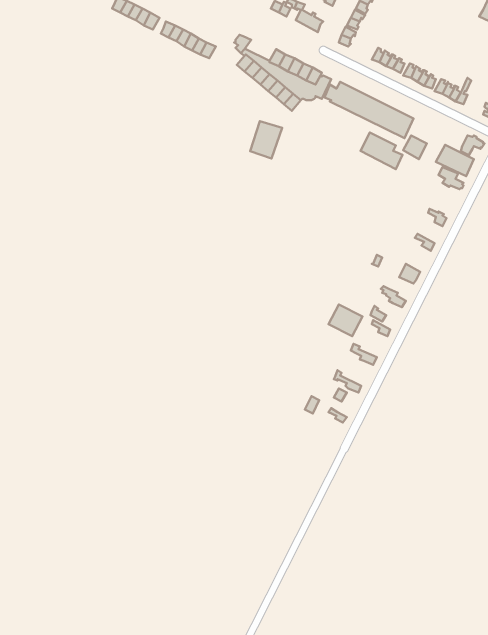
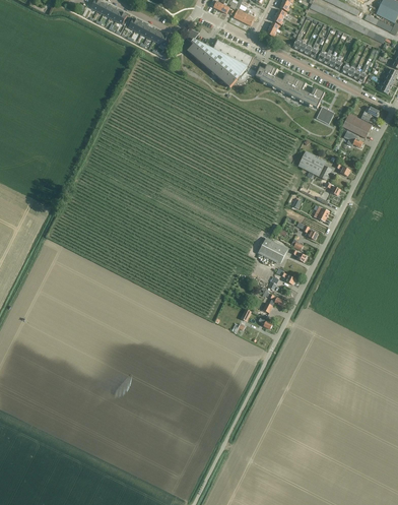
building: [250,121,282,159] -> none
building: [361,132,403,169] -> [298,151,331,180]

